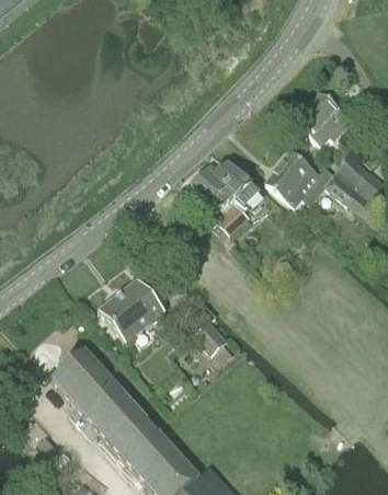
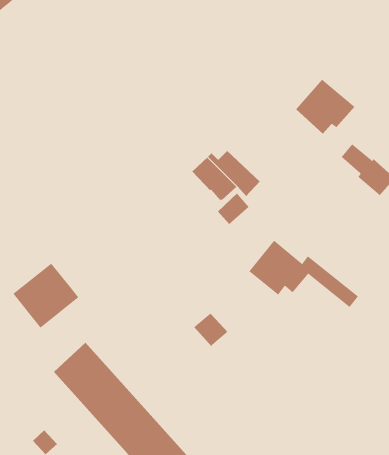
building: [264,150,373,217] -> [248,240,359,308]
building: [99,278,164,343] -> [12,263,79,328]

